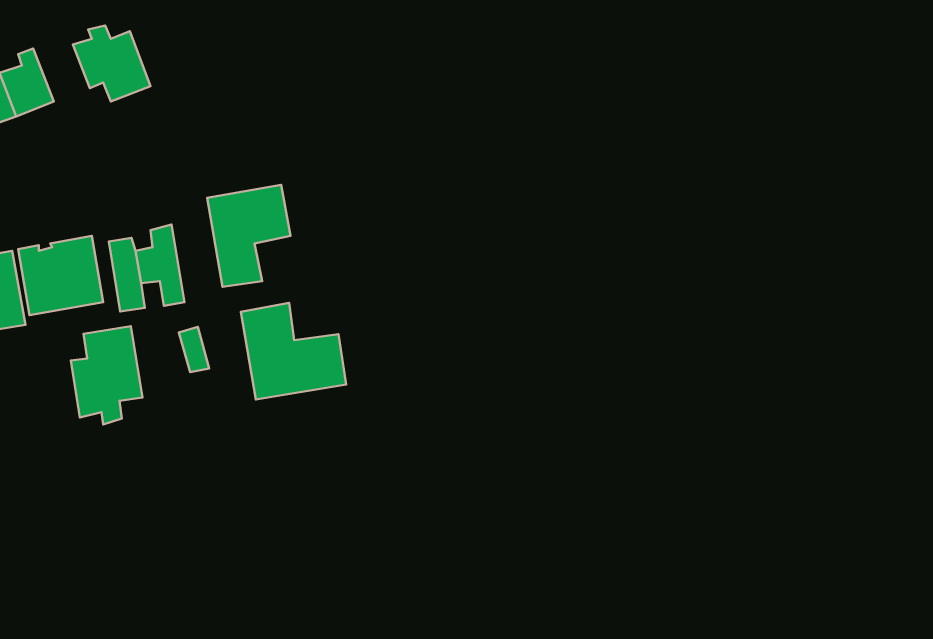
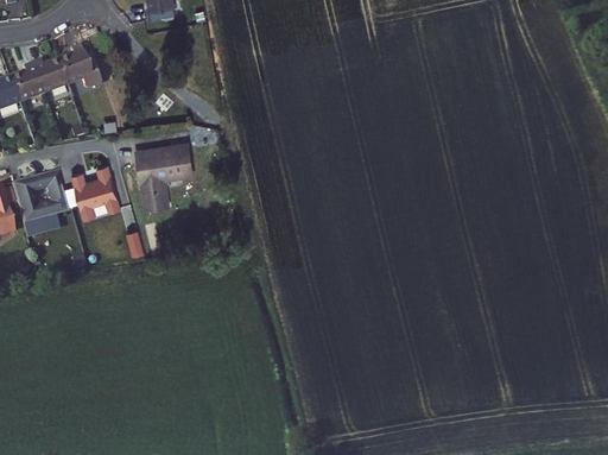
building: none -> [26,55,62,90]
building: [241,303,346,399] -> none
building: [71,326,142,425] -> none

